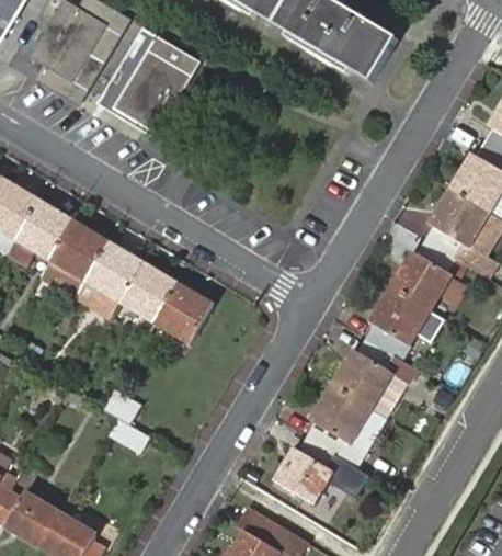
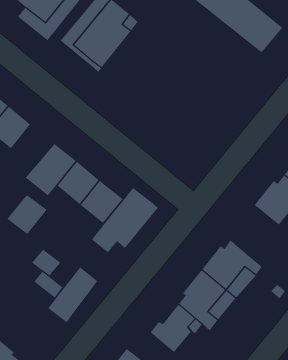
building: [50,222,107,280] -> none
building: none -> [91,187,158,253]
building: [365,287,429,356] -> none
building: none -> [6,194,47,235]
building: none -> [48,266,98,323]

